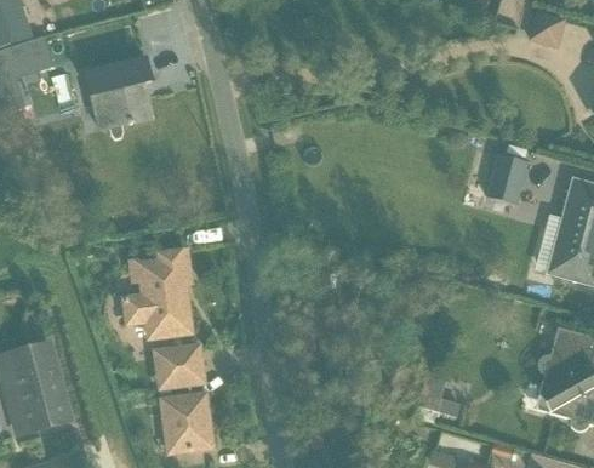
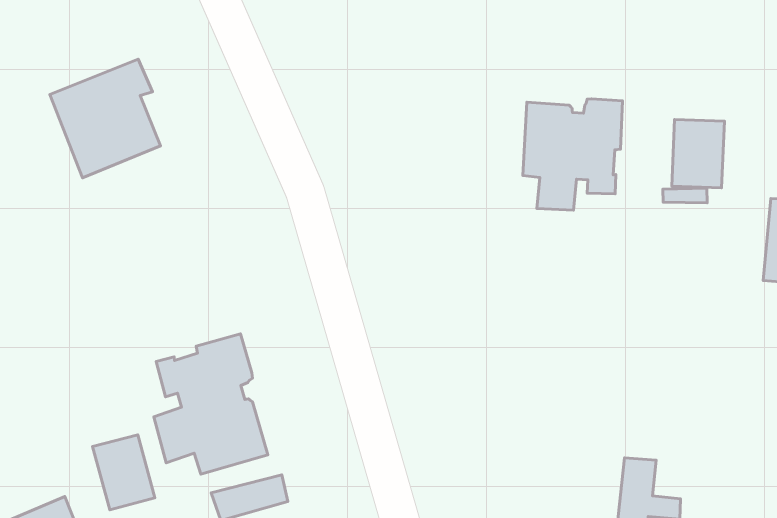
building: none -> [523,99,623,210]
building: none -> [93,435,155,510]

